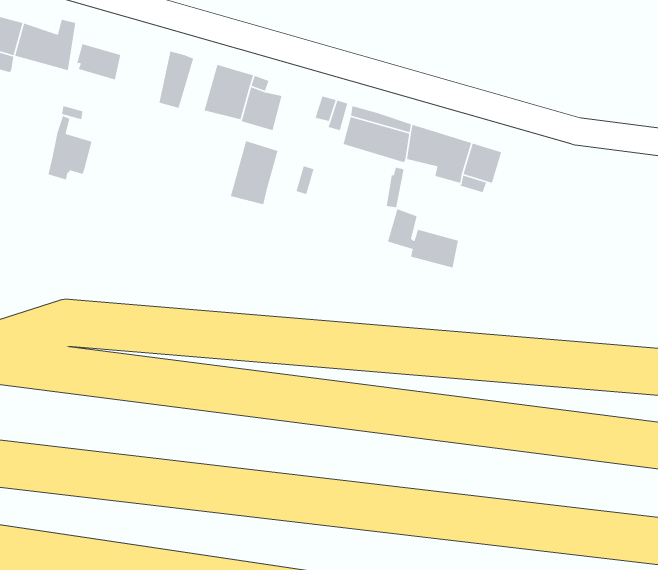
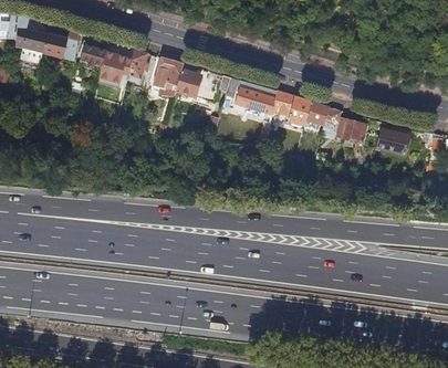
building: [48,115,93,181] -> [100,41,126,80]
building: [230,140,279,205] -> none
building: none -> [376,130,410,156]
building: [388,208,459,268] -> [324,108,366,144]

